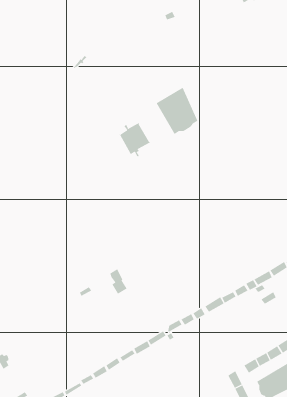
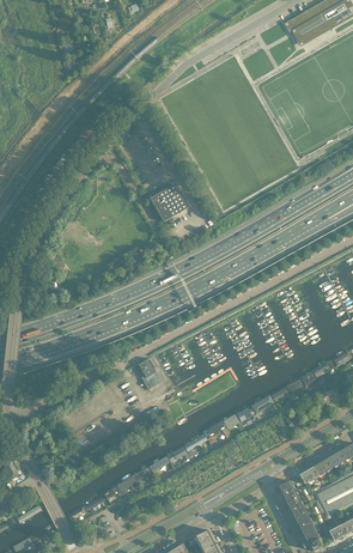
building: [156,87,198,135] -> none

